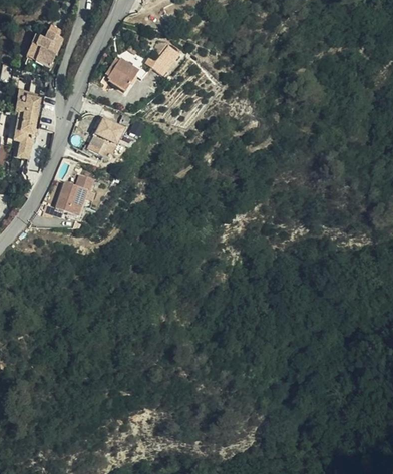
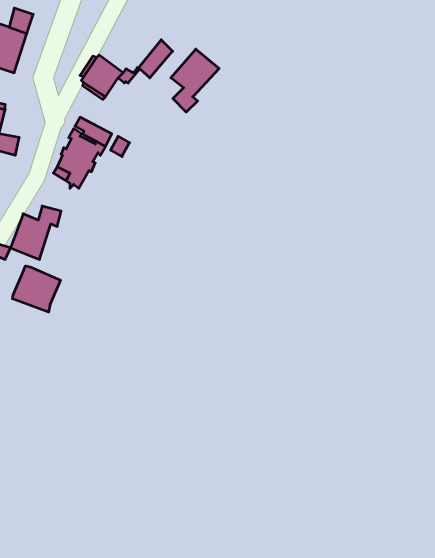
building: none -> [171,49,219,112]
building: none -> [12,266,60,312]

